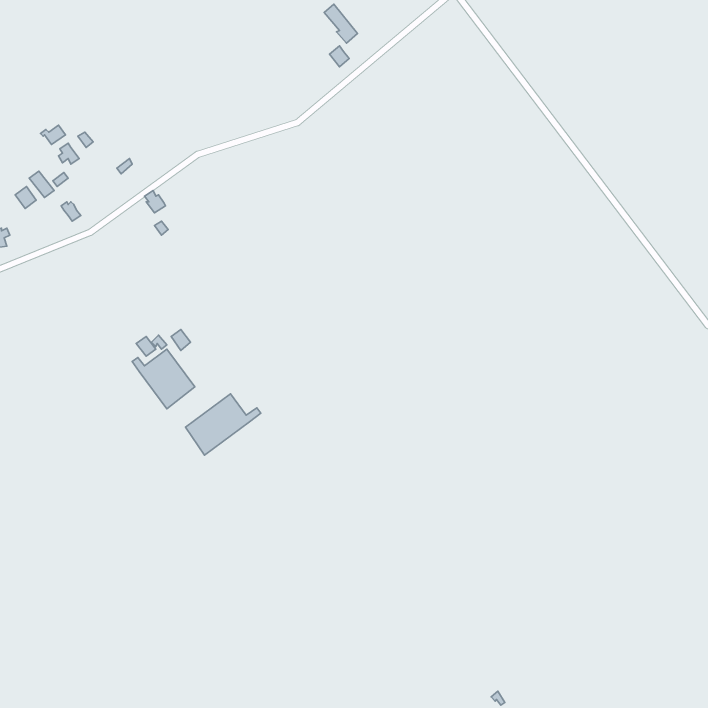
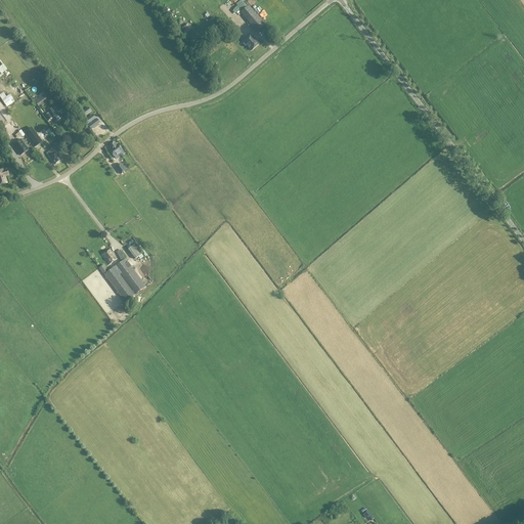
building: [185,394,261,455] -> none

